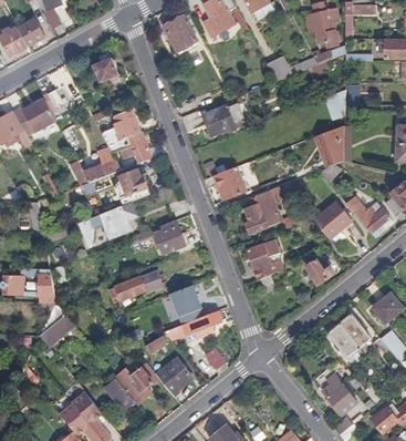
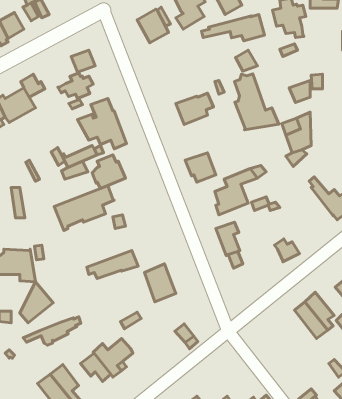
building: none -> [201,15,264,41]
building: none -> [58,73,93,99]
building: none -> [235,74,279,130]
building: [316,204,352,237] -> none
building: [155,220,185,255] -> none
building: [164,310,225,340] -> [23,317,81,345]
building: [156,359,191,397] -> none
building: [321,373,356,414] -> none

